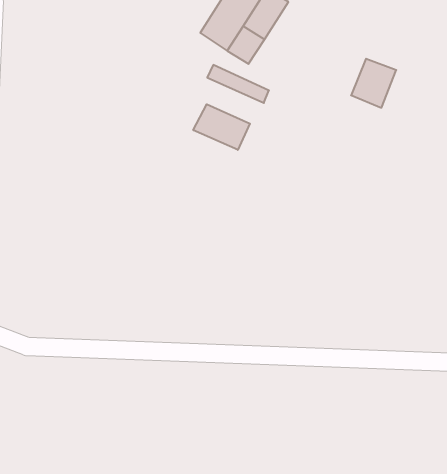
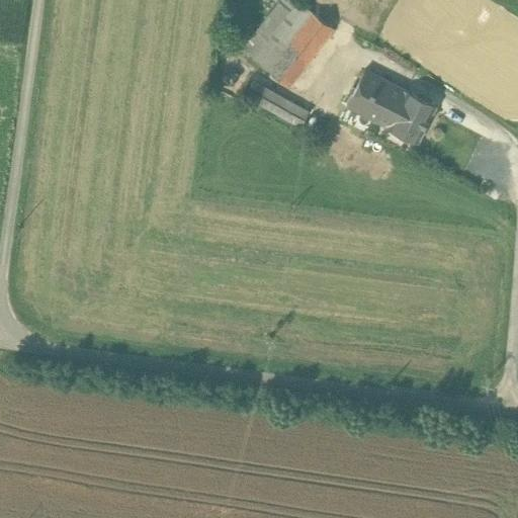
building: none -> [347,72,407,128]
building: [193,104,250,150] -> none

